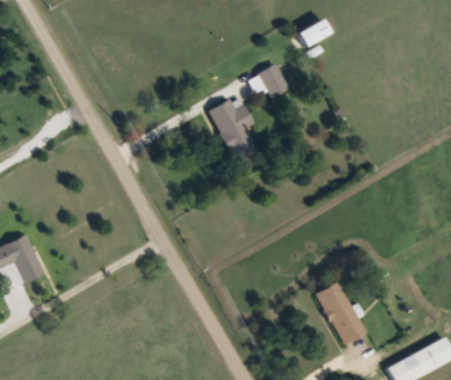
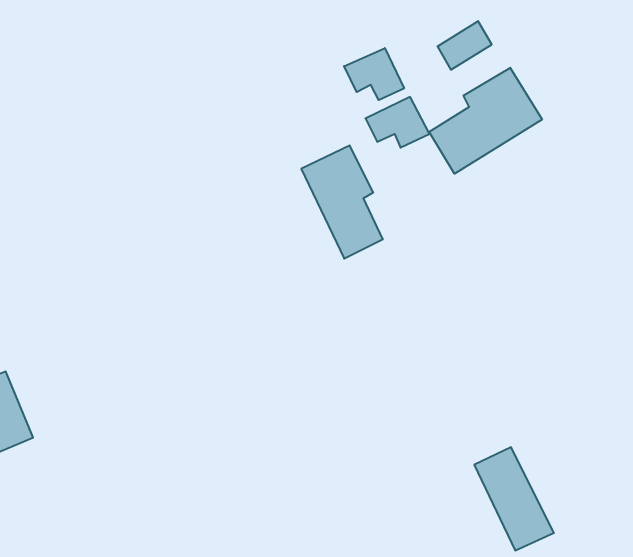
building: none -> [344,48,404,100]
building: none -> [429,68,542,174]

